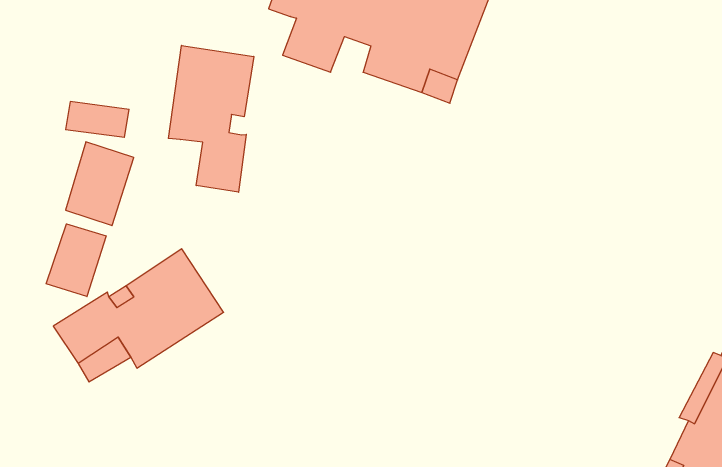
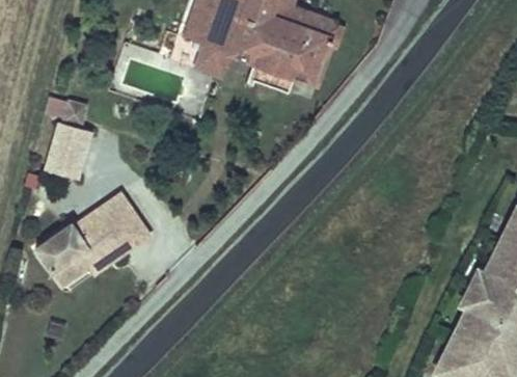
building: [168,45,254,192] -> none
building: [46,224,106,297] -> none

